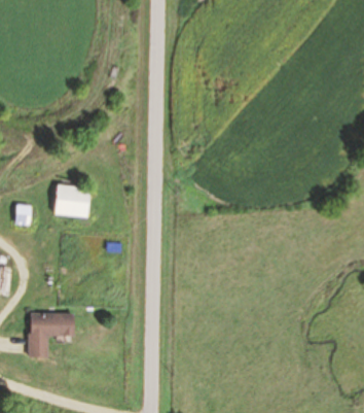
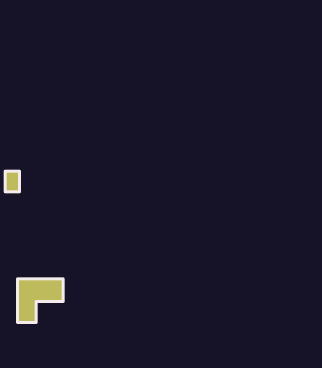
building: [53,184,90,218] -> none

